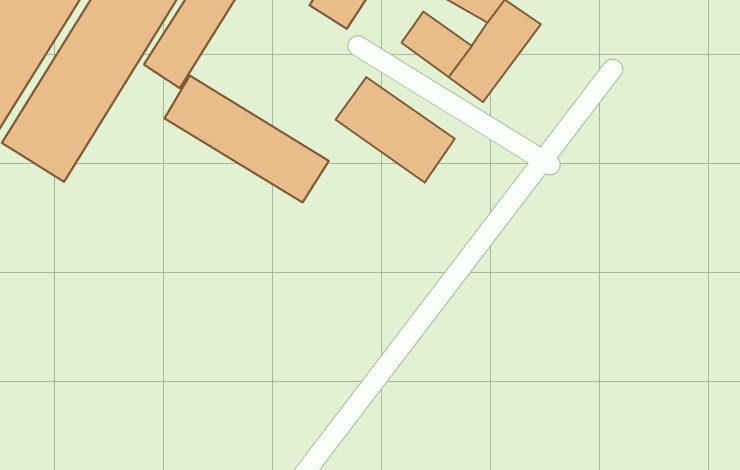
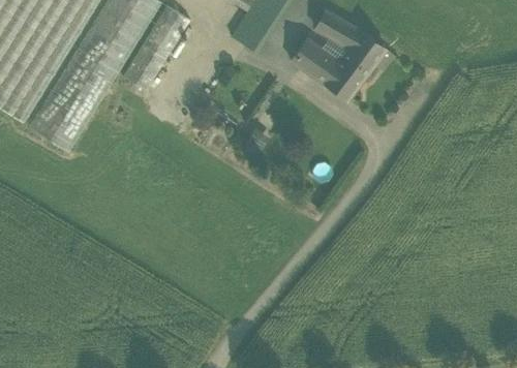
building: [165,75,329,202] -> none
building: [336,77,455,183] -> none

